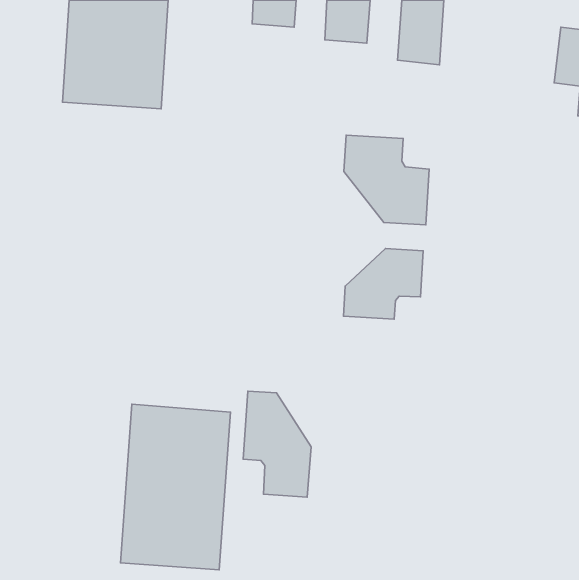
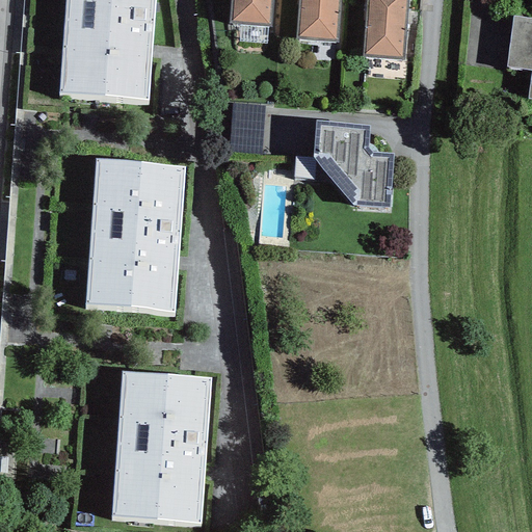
building: none -> [85,160,186,312]
building: [343,249,423,319] -> none
building: [243,391,311,497] -> none

